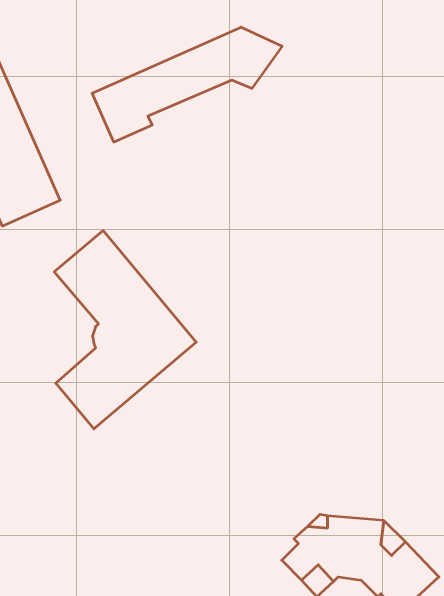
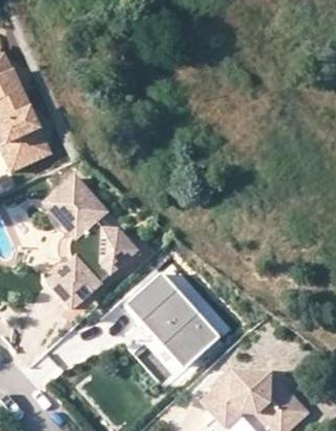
building: [92,27,282,142] -> none
building: none -> [123,270,221,372]

